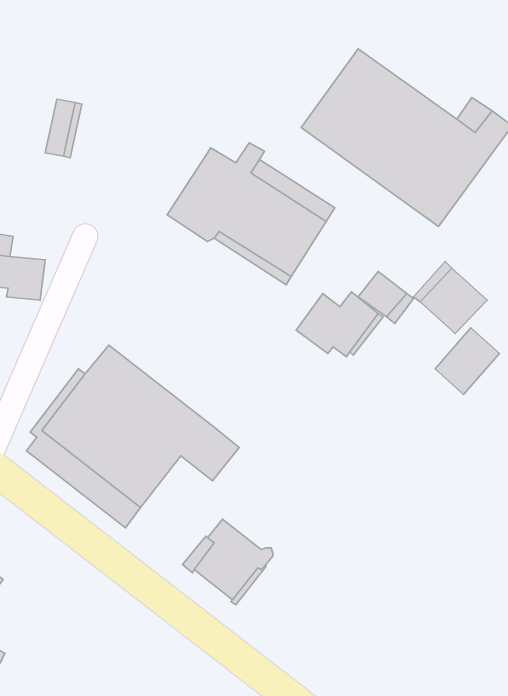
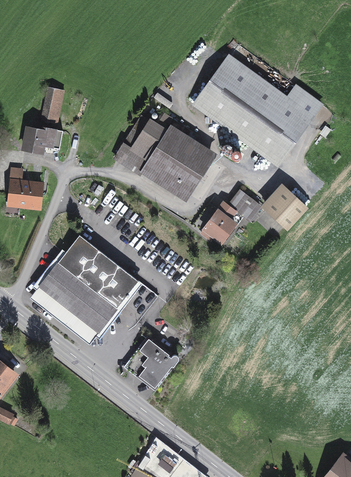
building: none -> [24,127,63,152]
building: [435,328,499,394] -> none

